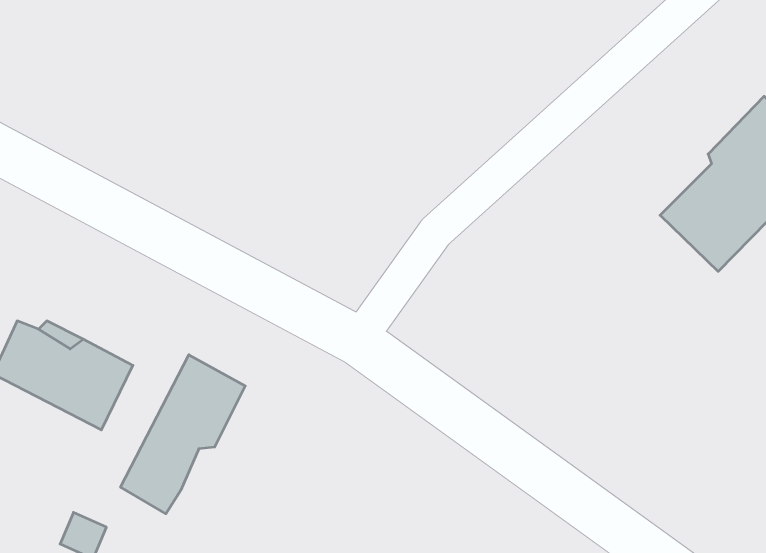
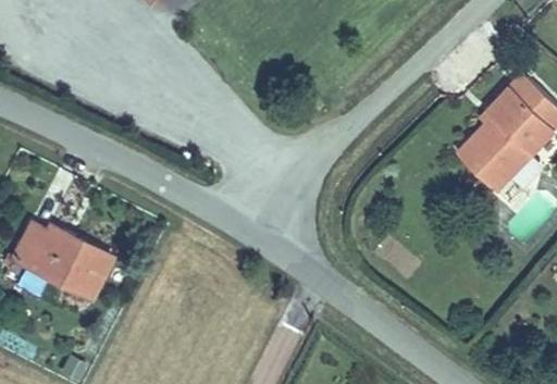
building: [121,355,245,514] -> none

